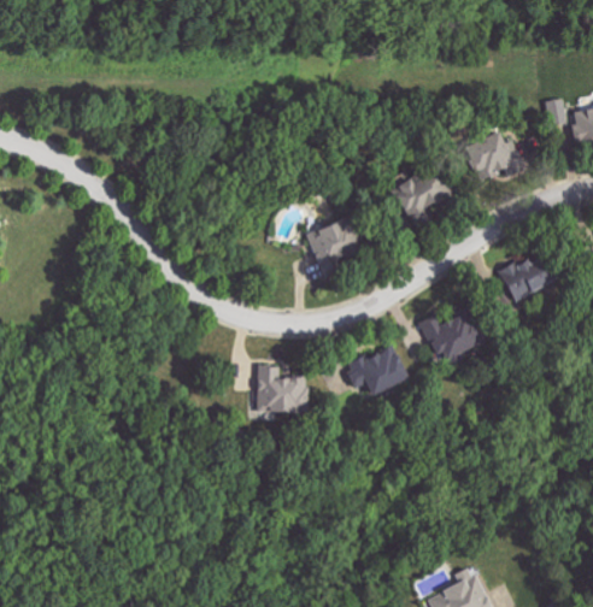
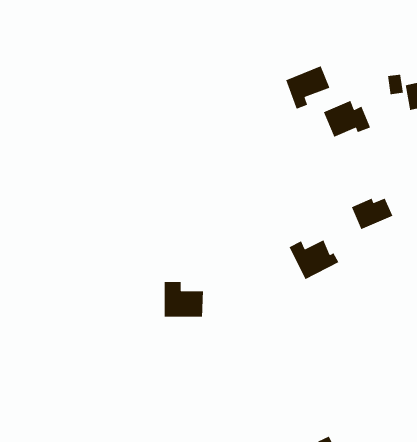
building: [393,166,452,224] -> [285,65,331,110]
building: [306,219,356,273] -> none
building: [346,344,409,395] -> none

